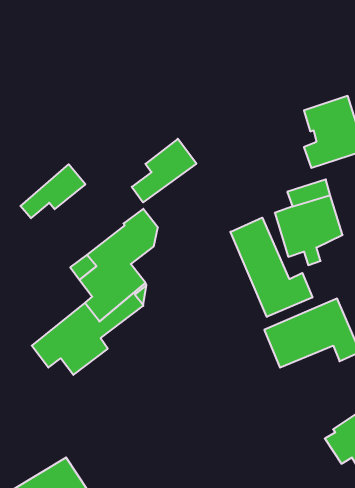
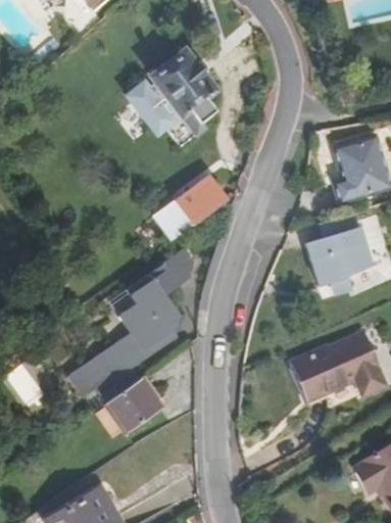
building: none -> [127,49,214,162]
building: [20,164,85,218] -> none
building: [230,218,312,317] -> none
building: none -> [107,380,162,434]

